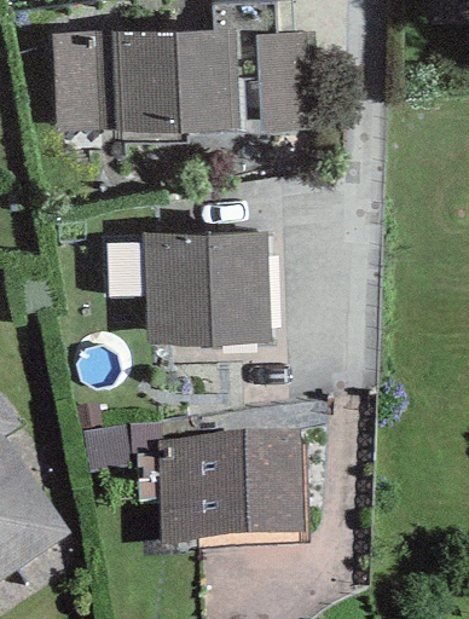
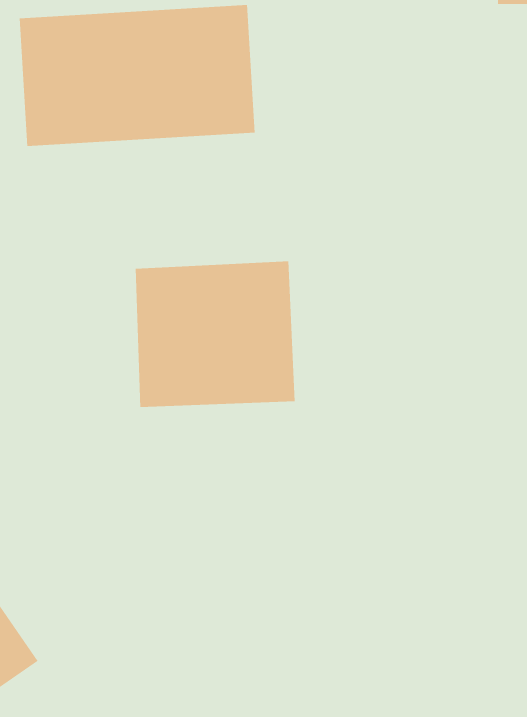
building: [256,30,318,129] -> none
building: [157,441,303,551] -> none

